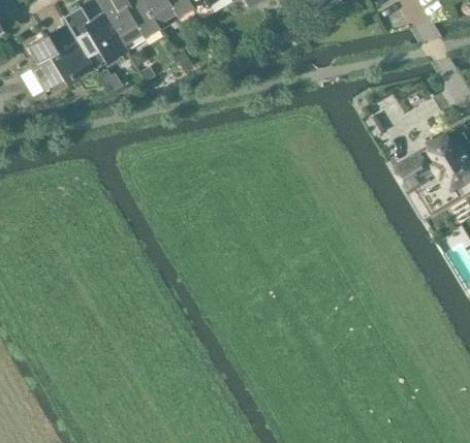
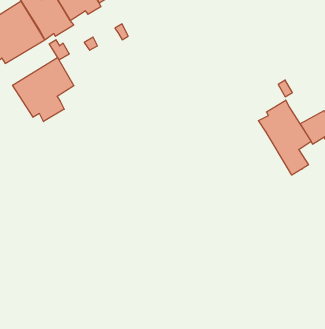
building: none -> [13,58,74,122]
building: none -> [258,100,311,175]

